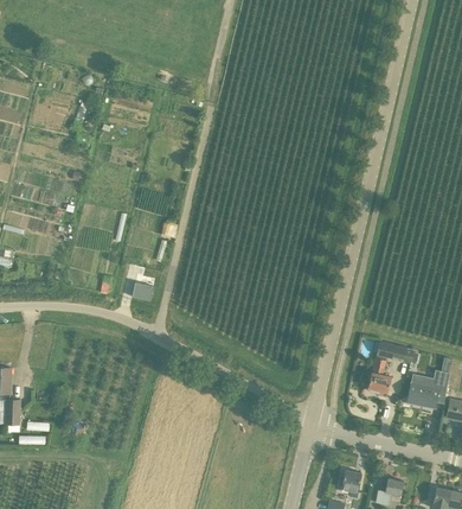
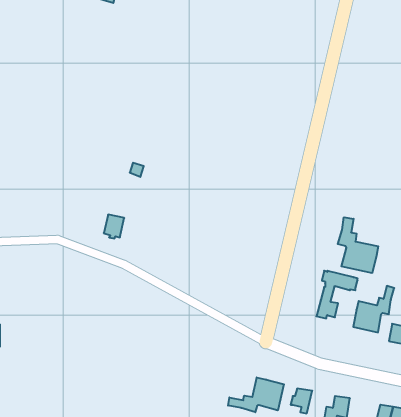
building: none -> [338,217,378,273]
building: none -> [228,377,284,412]

